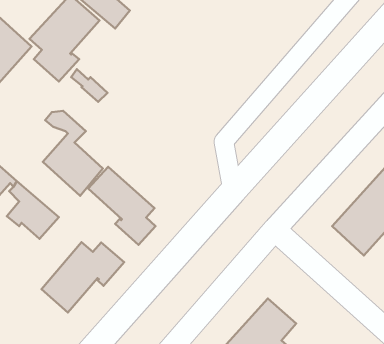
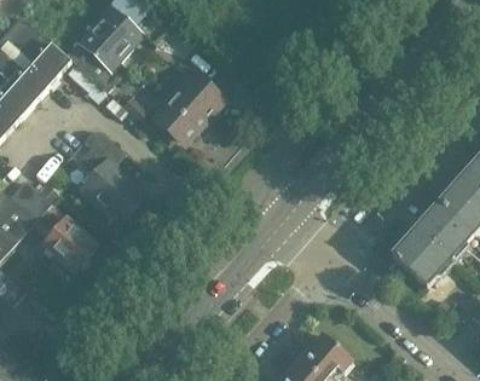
building: none -> [151,68,225,140]
building: [88,167,155,245] -> none
building: [42,242,124,312] -> none

